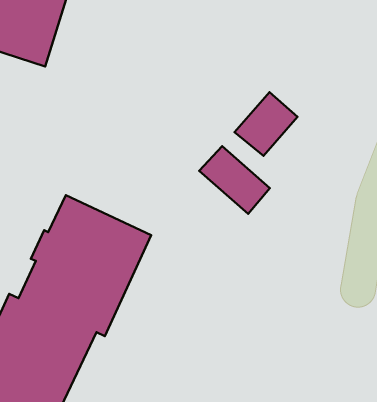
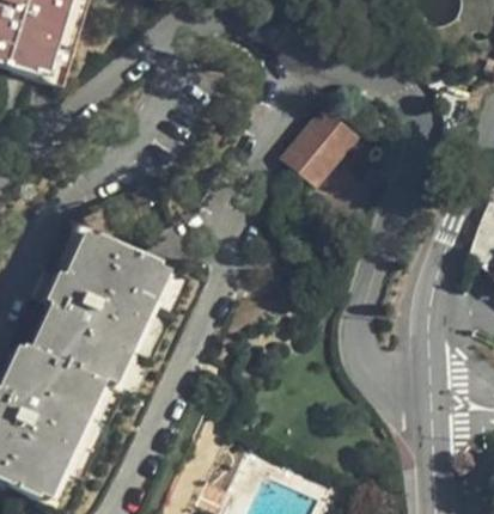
building: [199,146,270,214] -> none

